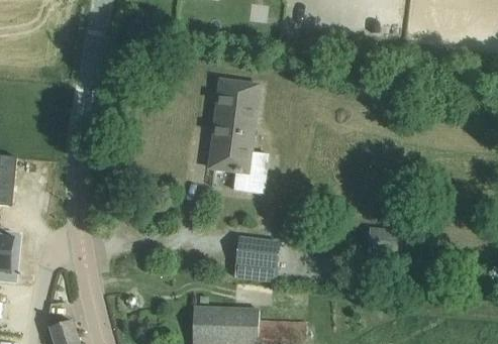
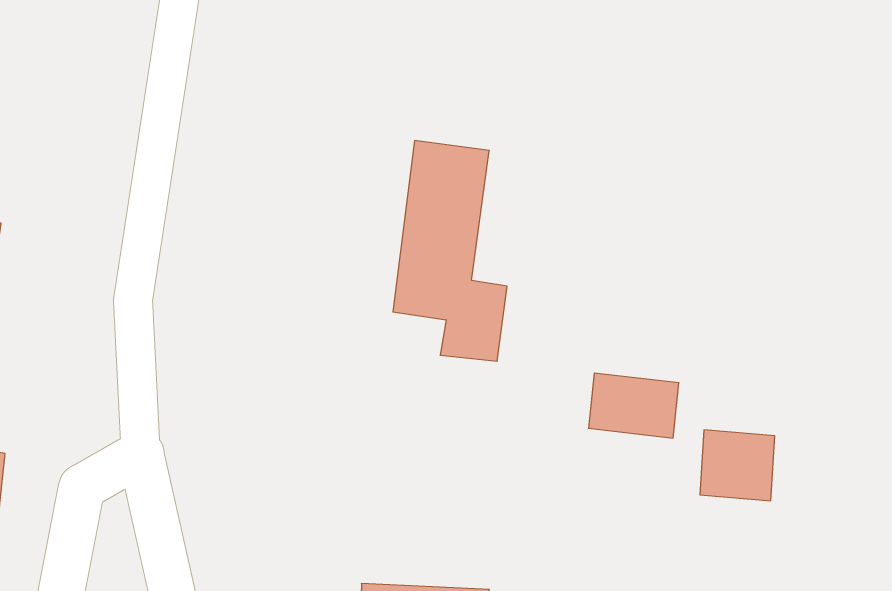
building: [231,239,278,272] -> [588,373,679,438]

